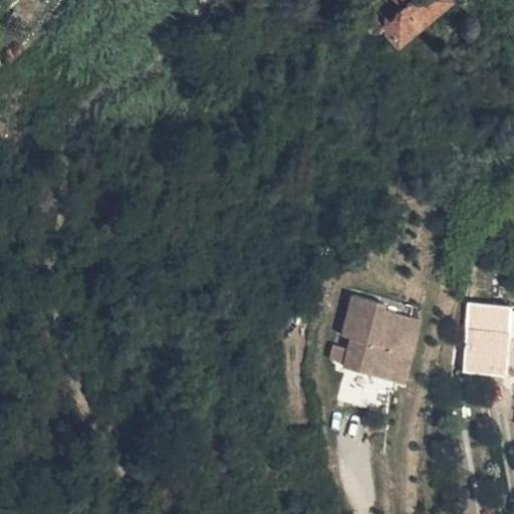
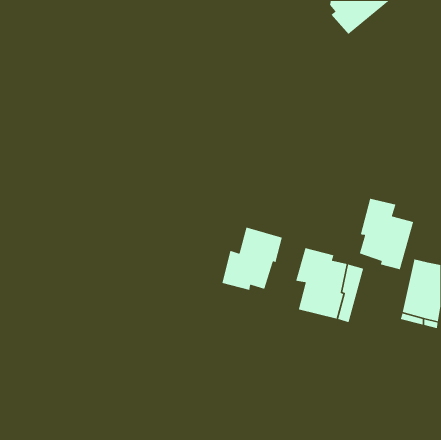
building: none -> [359,198,414,270]
building: none -> [222,227,283,291]

